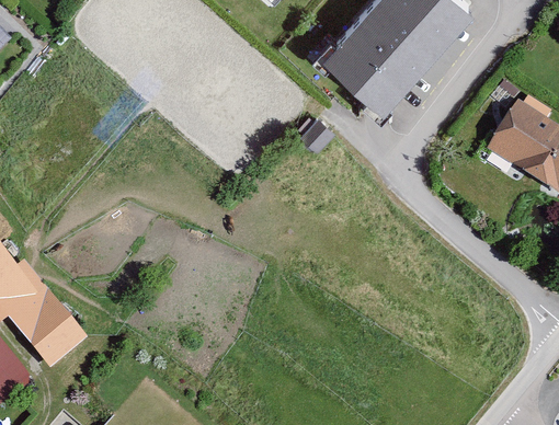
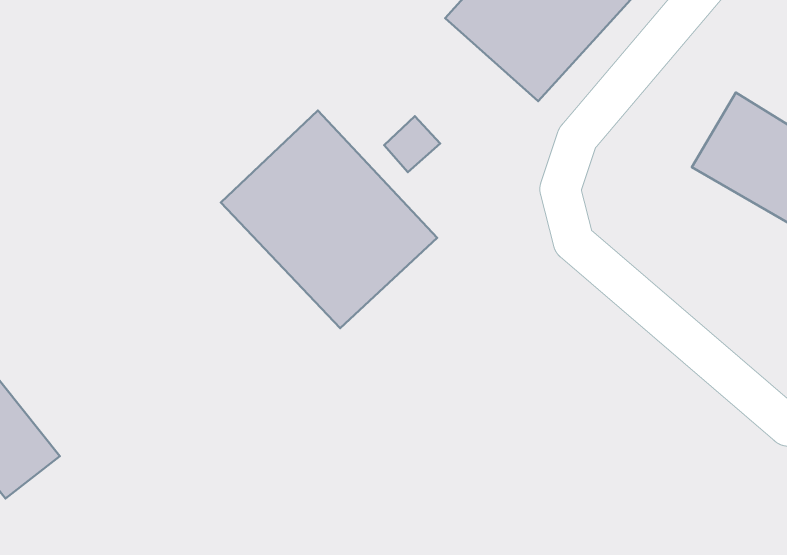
building: none -> [221,111,437,328]

